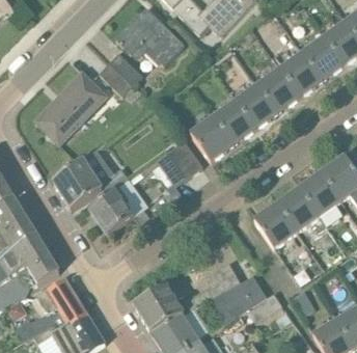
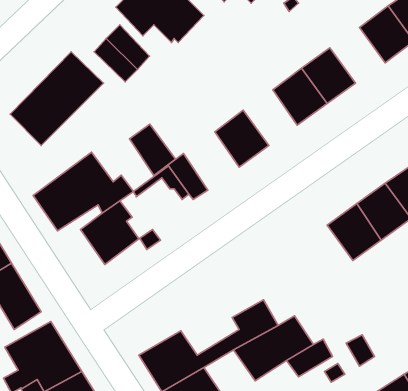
building: [280,53,323,96] -> none
building: [214,101,255,143] -> none
building: [168,138,203,178] -> [129,124,175,175]
building: [255,205,298,247] -> none

